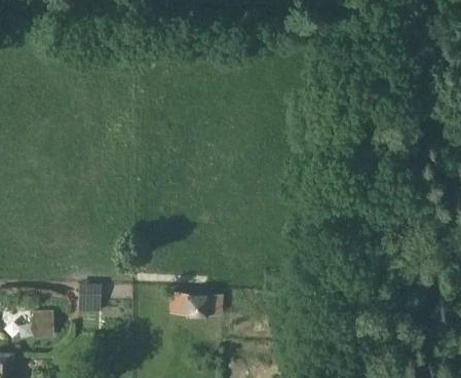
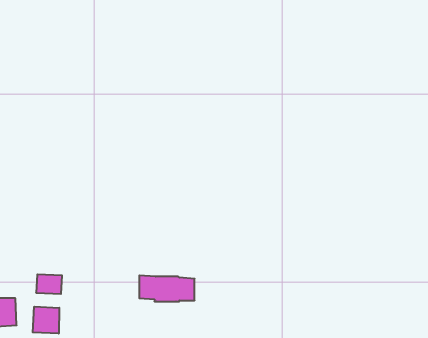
building: none -> [33,307,59,334]

